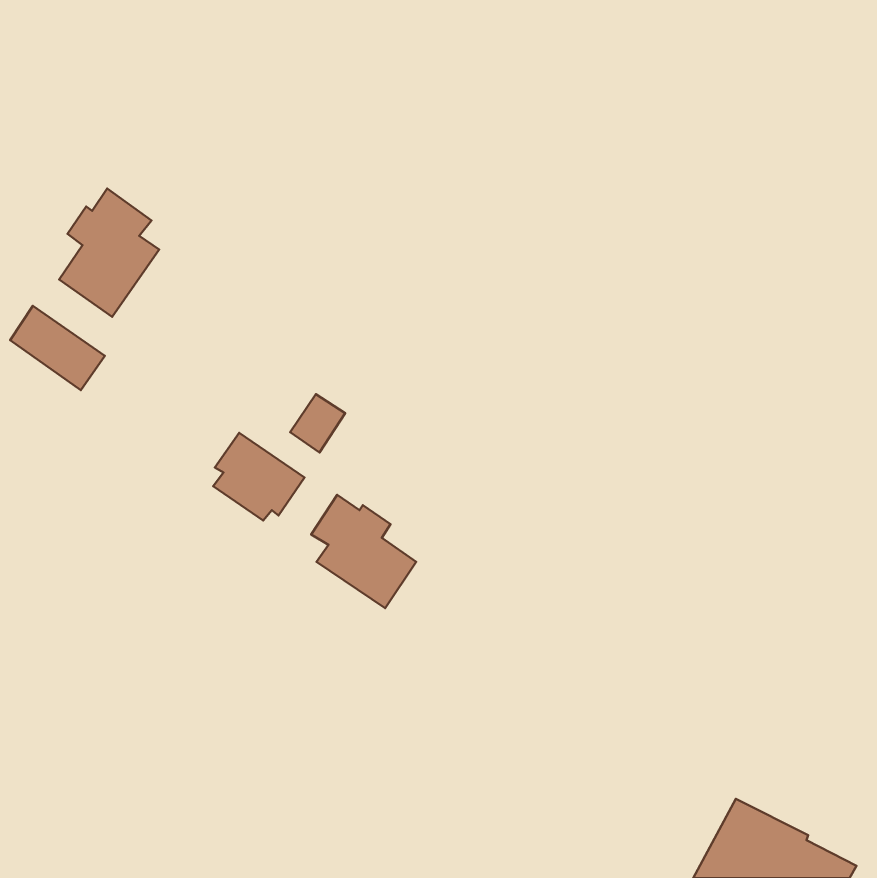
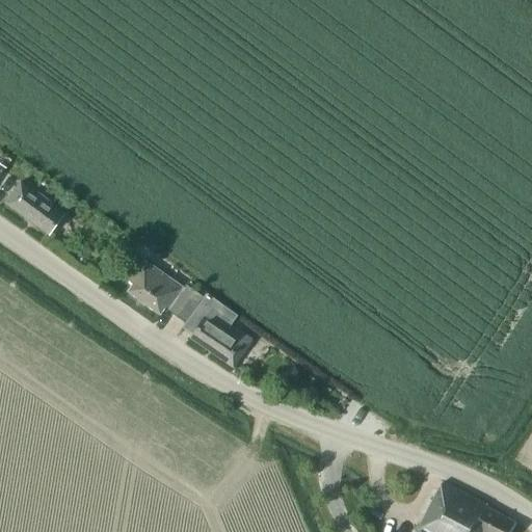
building: [59,188,159,317] -> none
building: [290,394,345,453] -> [171,288,205,323]

